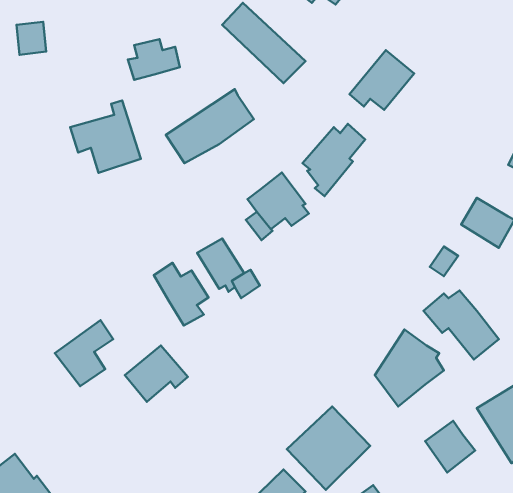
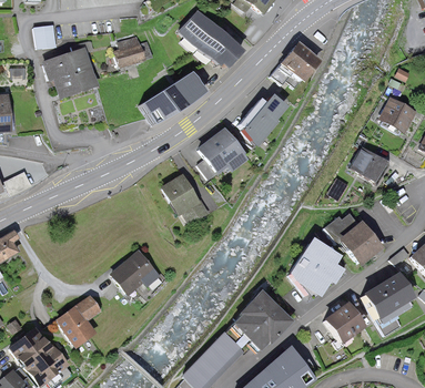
building: [70,101,141,173] -> [44,42,94,93]
building: [154,263,209,326] -> none
building: [55,320,113,386] -> [58,296,99,343]

